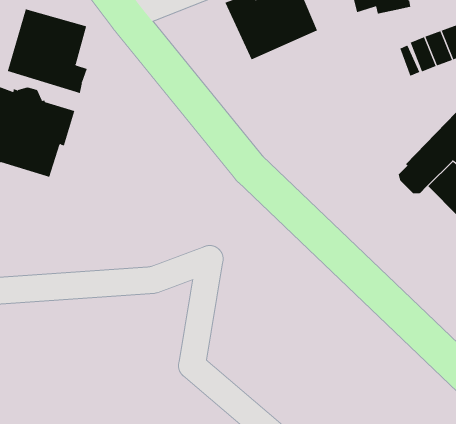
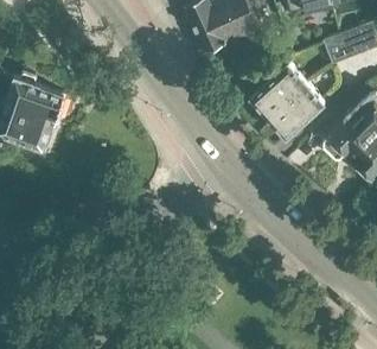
building: [7,9,87,94] -> none
building: none -> [250,63,326,139]

